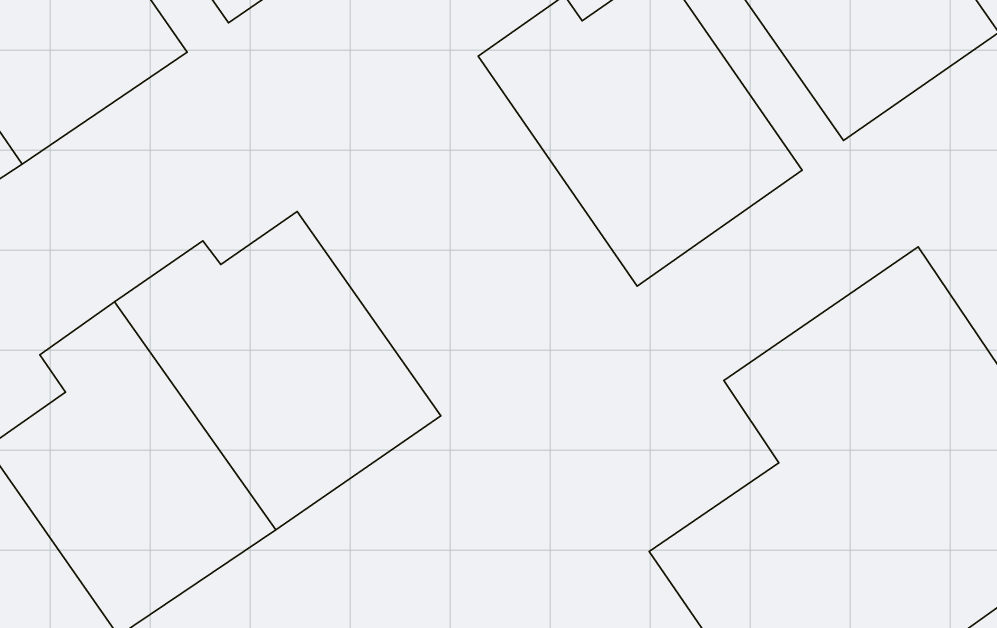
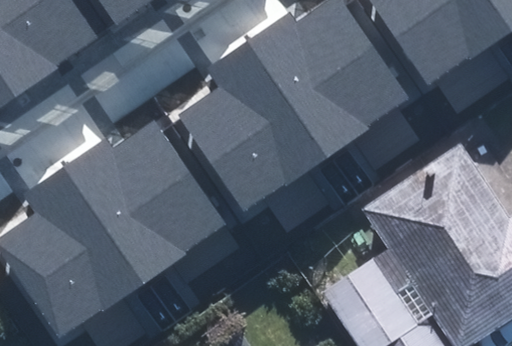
building: none -> [179,42,326,213]

